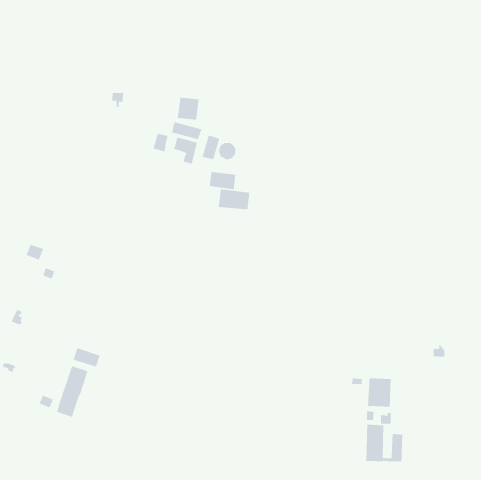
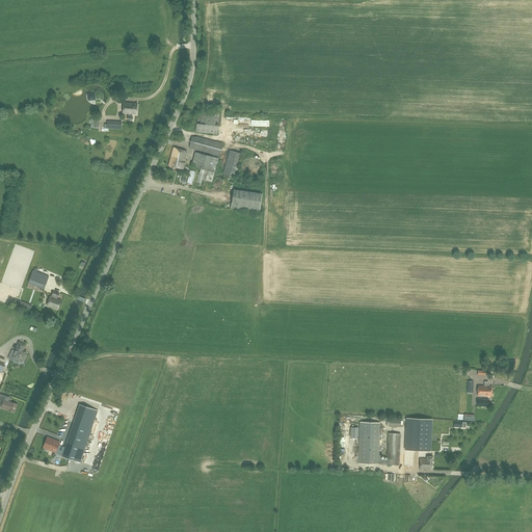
building: [218,188,250,210] -> none
building: [72,347,100,368] -> none
building: [365,424,403,462] -> [358,421,400,463]

